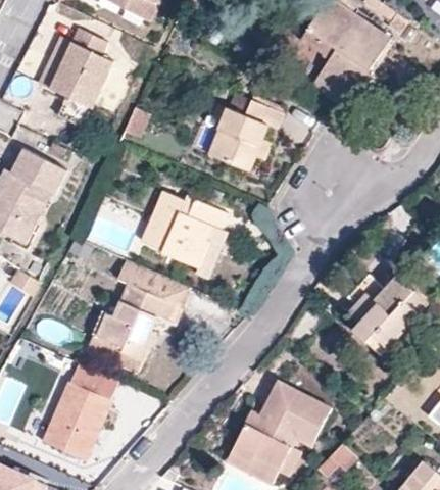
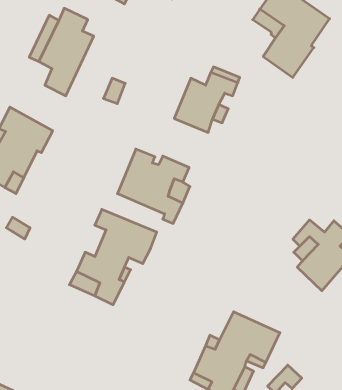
building: [45,360,120,458] -> none

